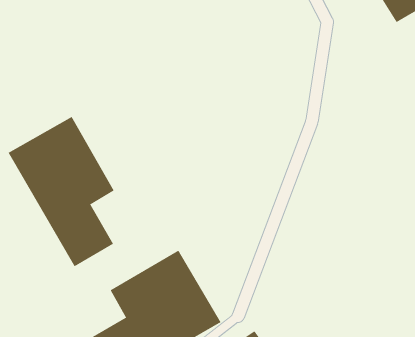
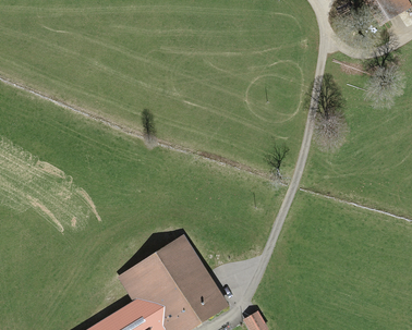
building: [8,116,115,267] -> none

